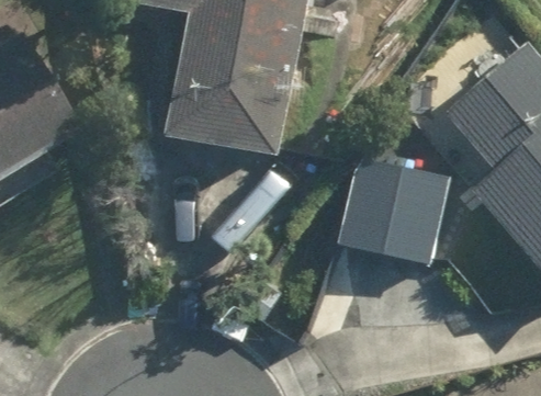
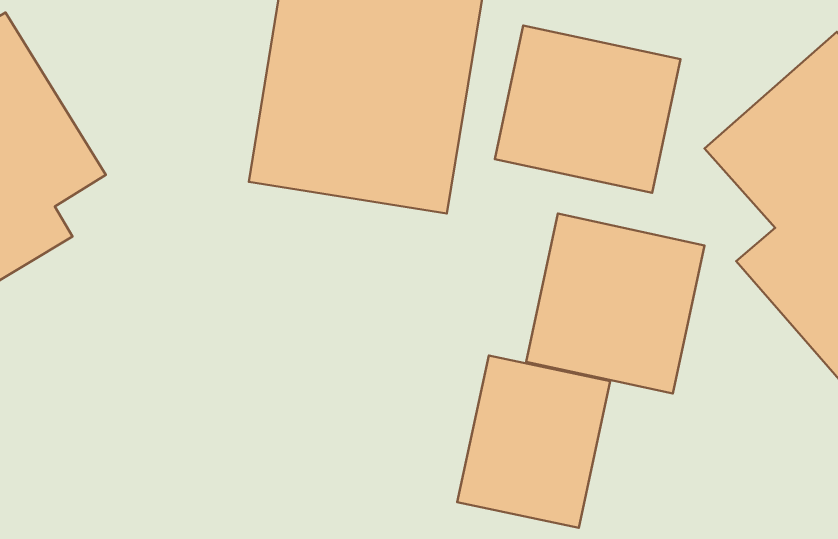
building: none -> [495,25,680,193]
building: none -> [457,355,610,528]

